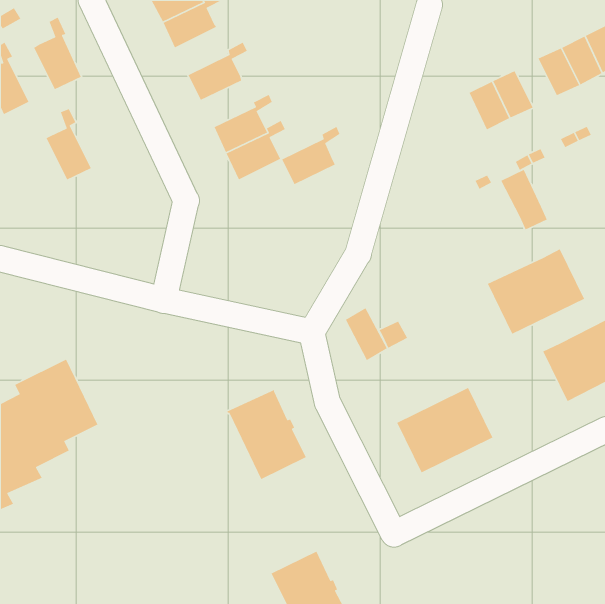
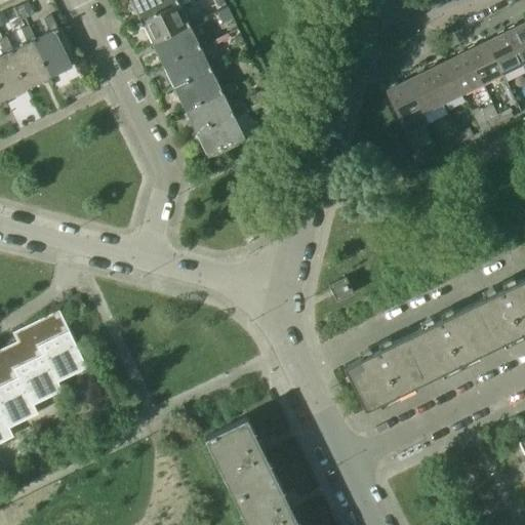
building: none -> [152,15,204,67]
building: none -> [446,52,482,95]
building: [46,108,92,181] -> [8,28,48,90]
building: [281,126,340,185] -> [174,60,226,112]
building: [500,169,548,230] -> [386,82,427,135]
building: [487,248,585,335] -> [406,306,491,380]
building: [345,307,388,361] -> none
building: [226,389,307,480] -> [205,418,275,497]

